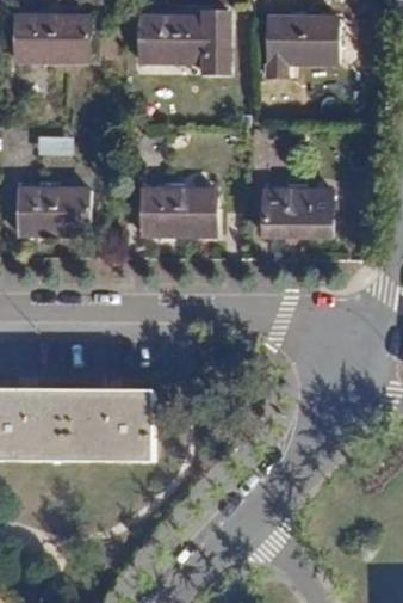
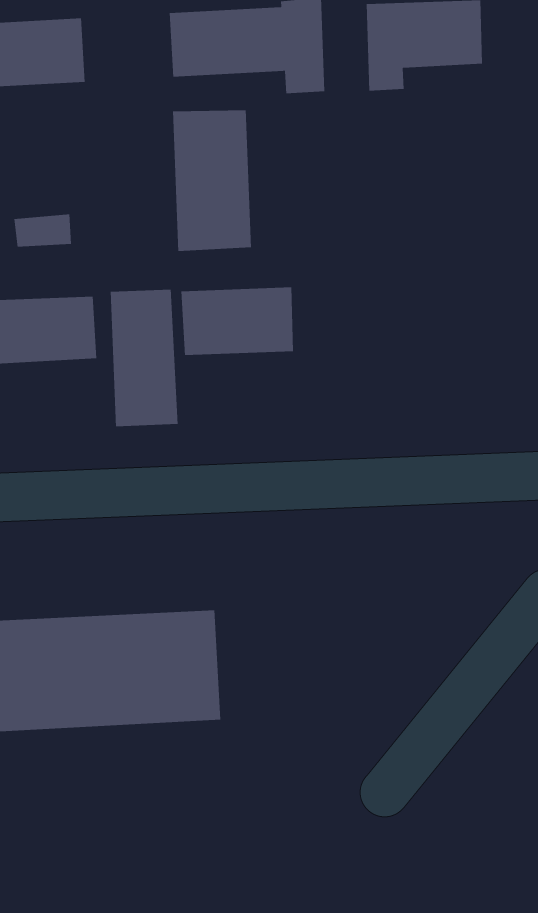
building: none -> [173,110,252,252]
building: none -> [110,289,178,427]
building: [261,192,333,233] -> none

